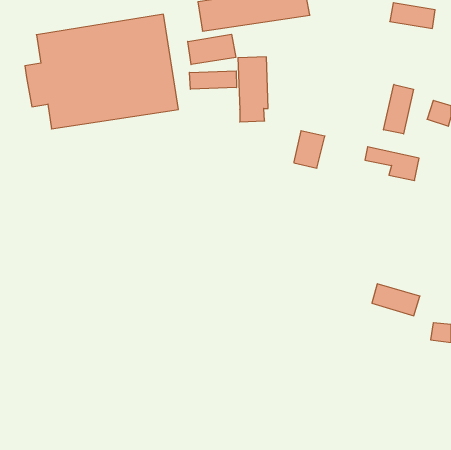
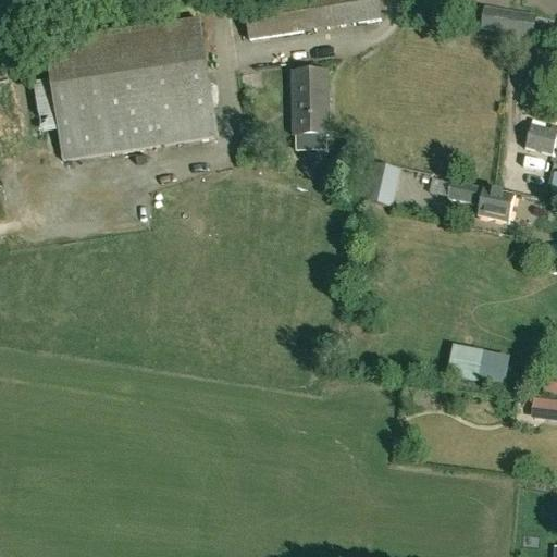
building: [188,34,236,65] -> none
building: [189,71,236,89] -> none
building: [384,84,413,134] -> none

